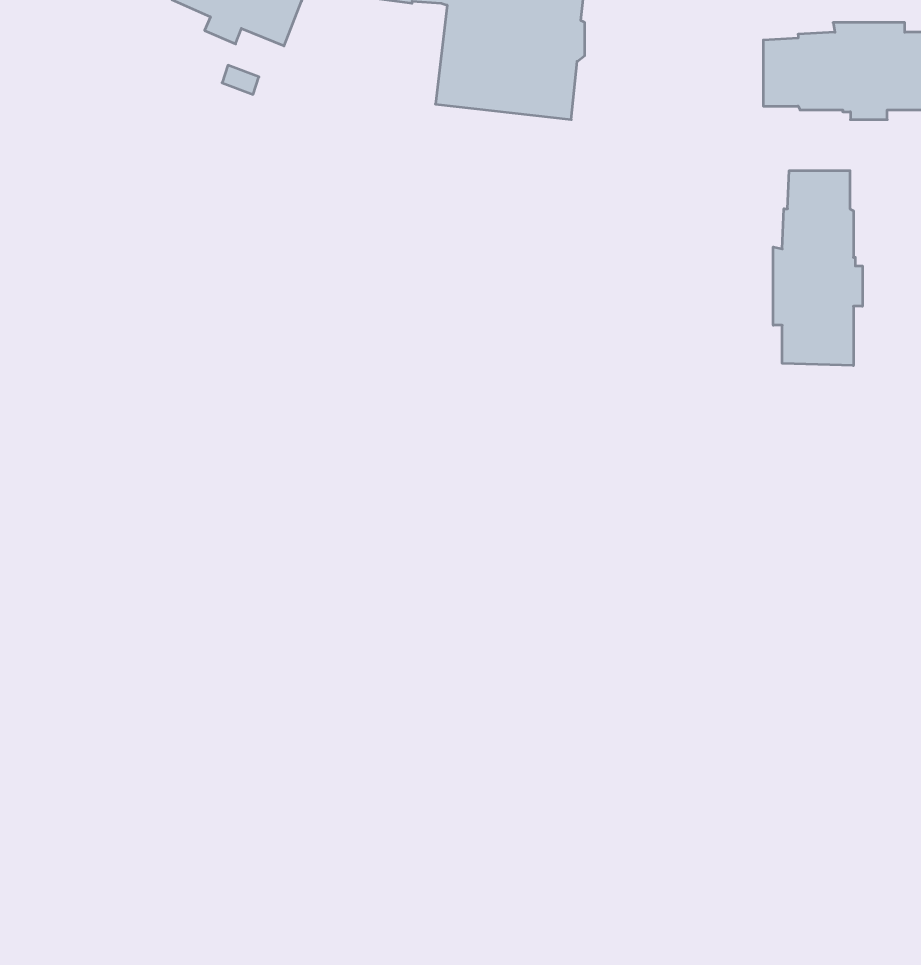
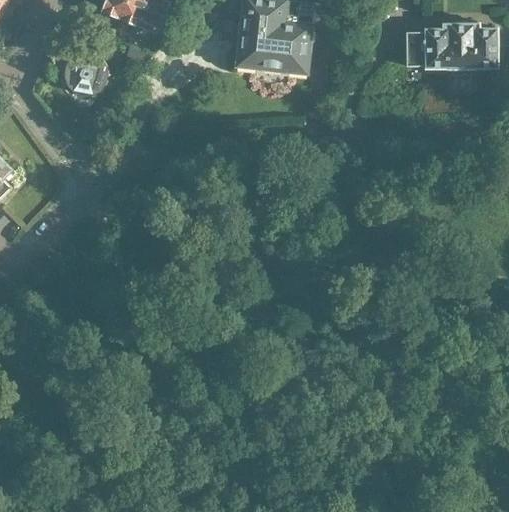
building: none -> [64,52,109,95]
building: [773,171,862,366] -> none

